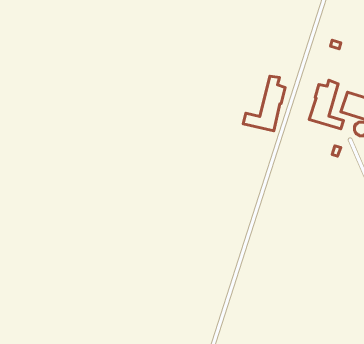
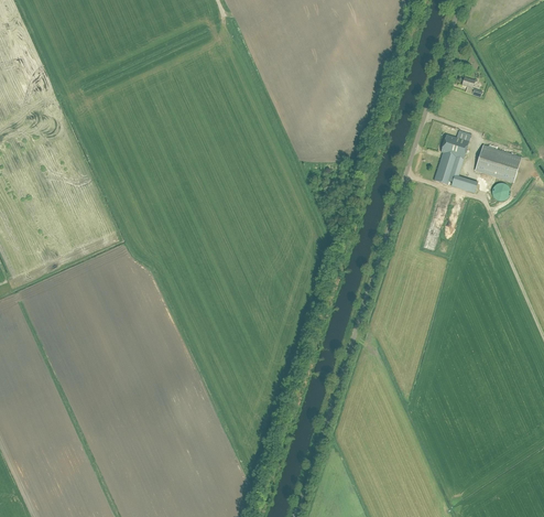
building: [243,76,285,131] -> none

